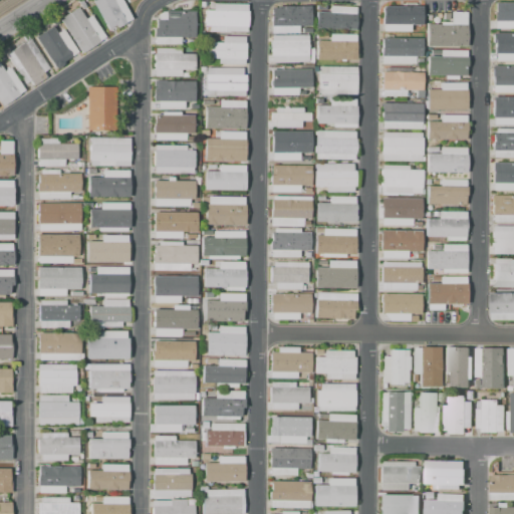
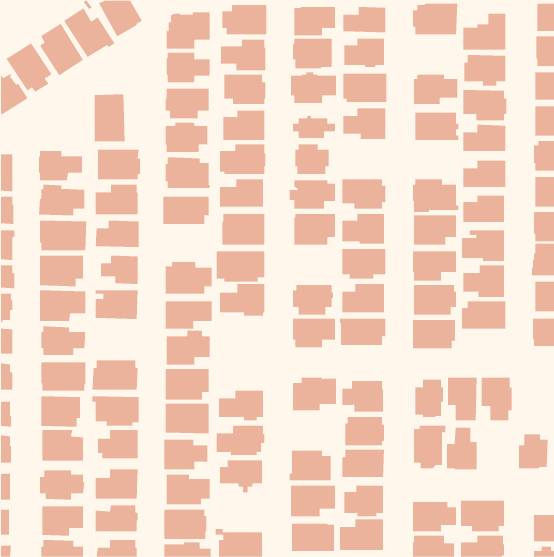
building: [384,38,425,64] -> none
building: [314,132,358,160] -> none
building: [383,133,426,161] -> none
building: [154,212,199,238] -> none
building: [272,228,312,257] -> none
building: [209,294,247,322] -> none
building: [90,299,132,329] -> none
building: [211,327,244,355] -> none
building: [479,347,507,389] -> none
building: [272,382,310,411] -> none
building: [447,396,475,434] -> none
building: [206,456,246,484] -> none

